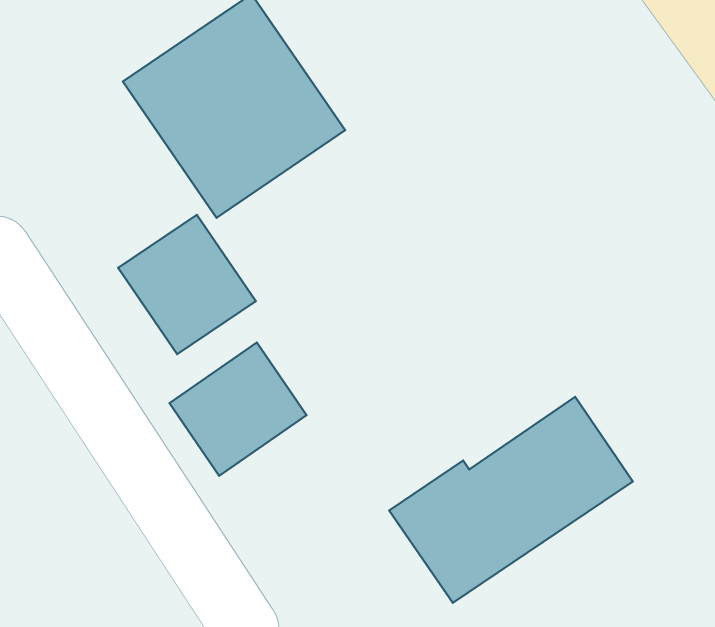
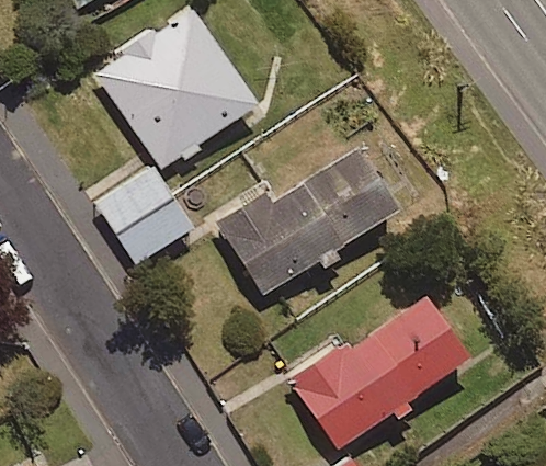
building: none -> [218,150,394,293]
building: [170,343,307,476] -> none

